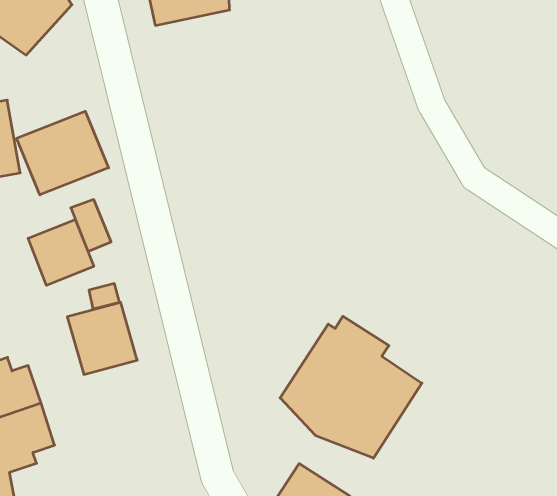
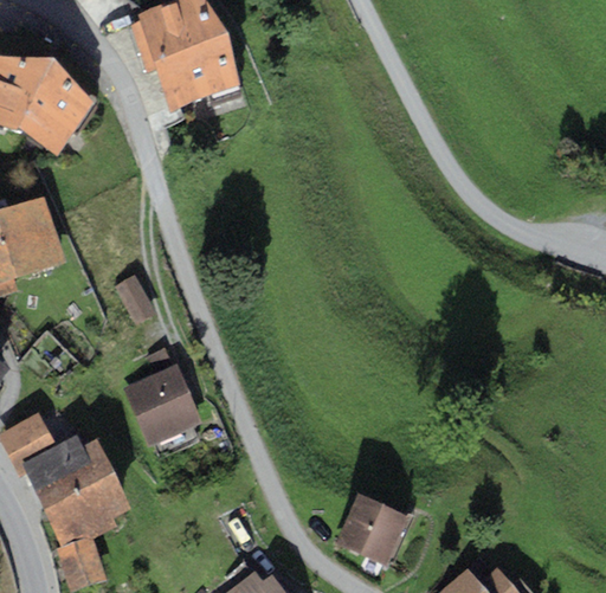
building: [17,111,109,195] -> none
building: [28,219,94,285] -> none
building: [280,316,422,458] -> none

